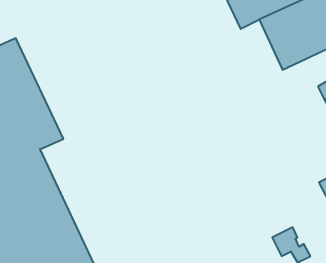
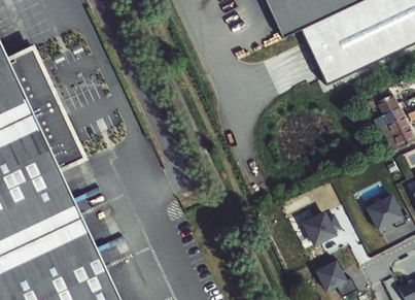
building: none -> [304,212,341,243]

